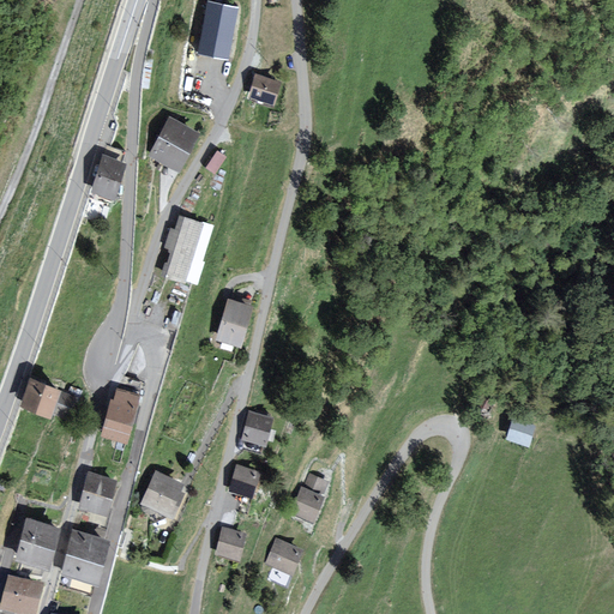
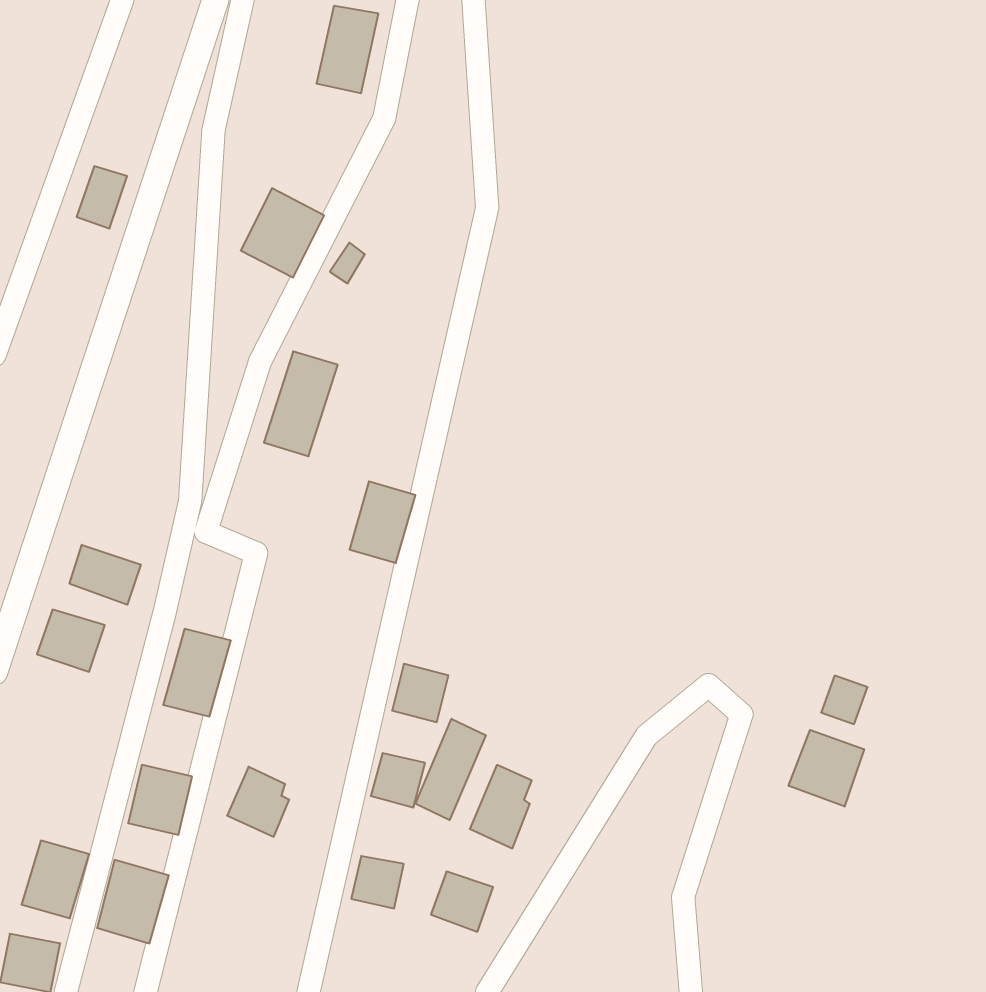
building: [248,74,283,106] -> none
building: [90,158,121,197] -> [77,166,127,228]
building: none -> [70,545,141,605]
building: none -> [415,719,486,820]
building: none -> [789,730,864,807]

